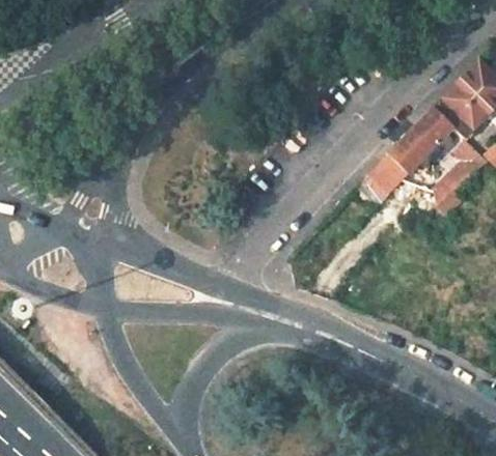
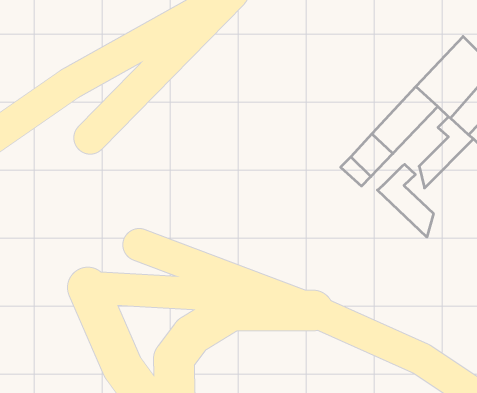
building: none -> [377,164,433,237]

